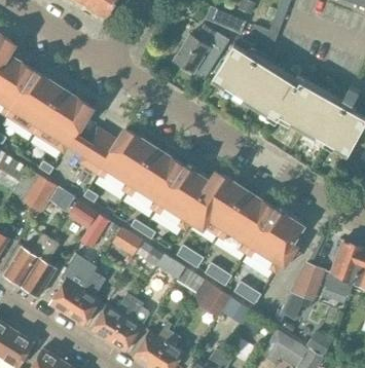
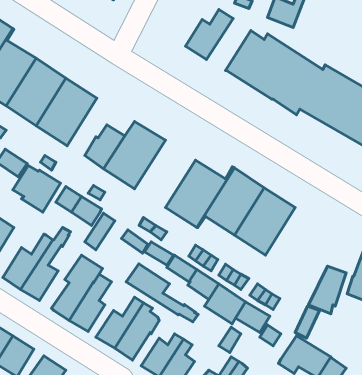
building: [126,146,183,209] -> none
building: [248,209,303,270] -> none
building: none -> [126,264,198,322]

